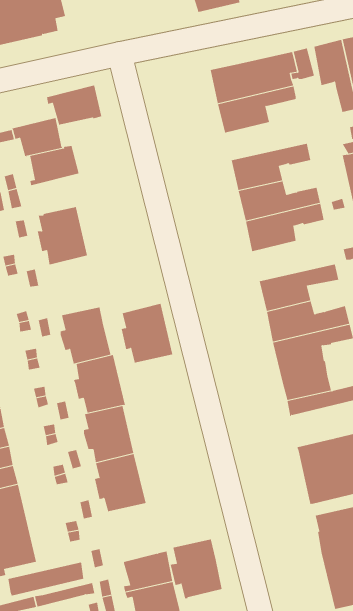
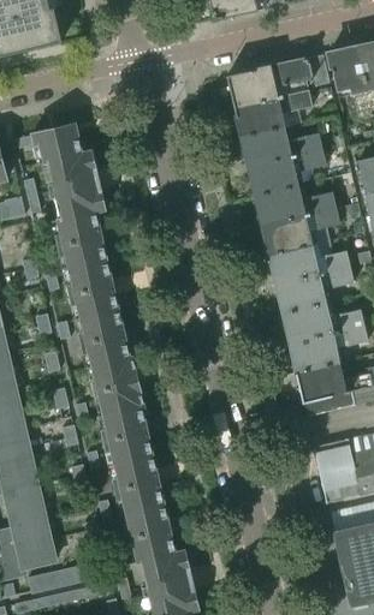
building: [46,85,102,125] -> [49,178,105,217]
building: none -> [241,127,322,165]
building: none -> [267,243,350,283]
building: [121,303,173,363] -> [66,258,118,317]
building: [170,539,222,599] -> [123,502,174,561]

